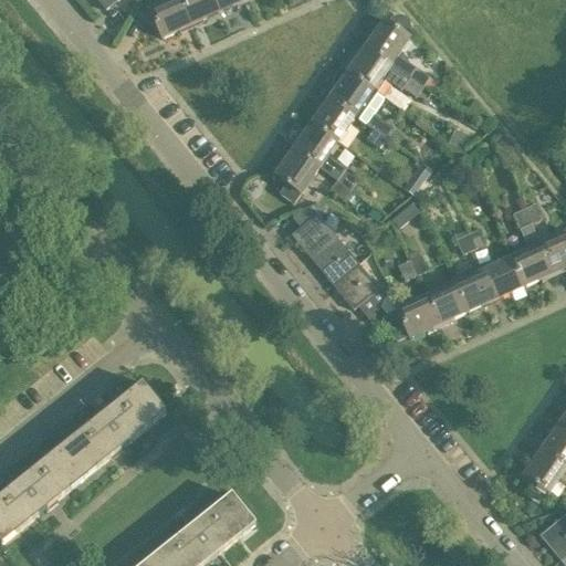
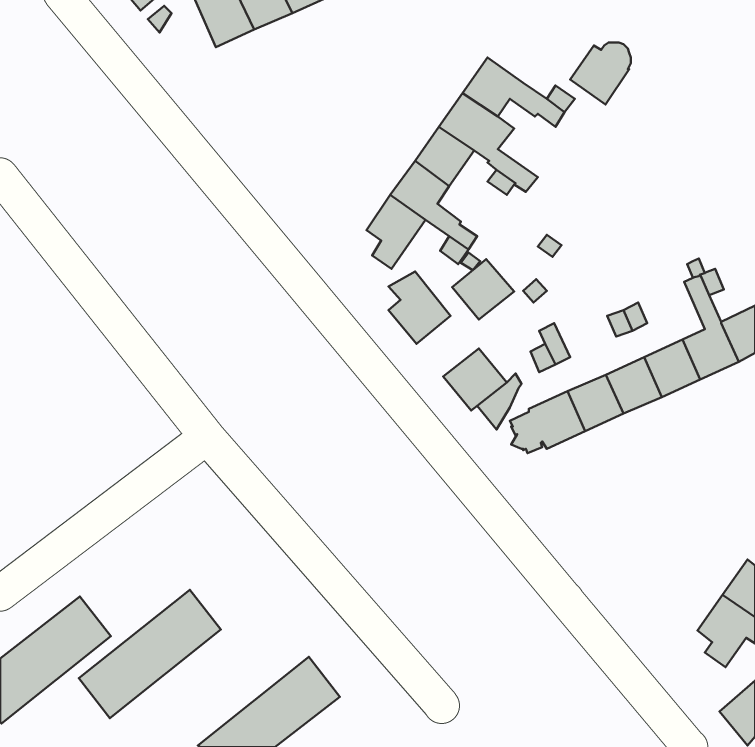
building: [365,15,410,62] -> [570,43,631,105]
building: [312,237,358,282] -> [452,259,514,320]
building: [60,380,166,476] -> [79,590,221,718]

